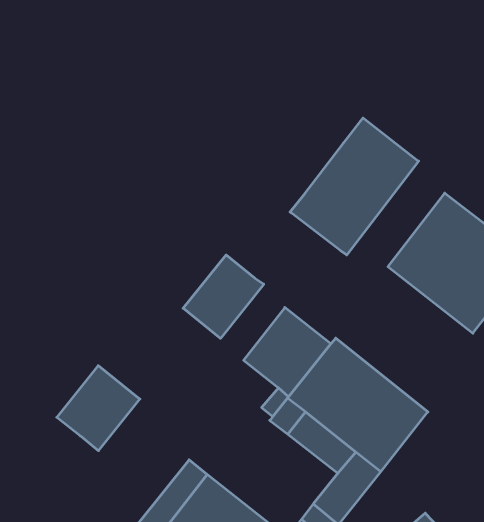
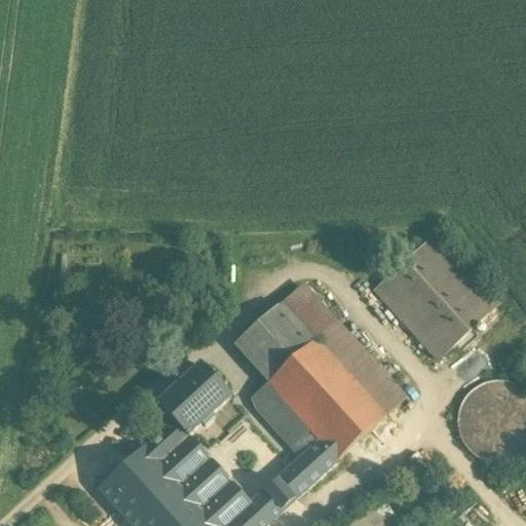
building: [290,118,419,255] -> none
building: [183,255,264,338] -> none
building: none -> [278,284,406,417]
building: [57,366,140,451] -> [156,365,230,438]

